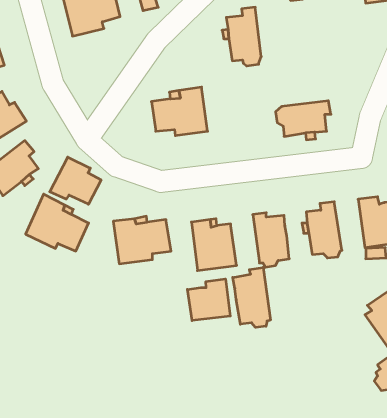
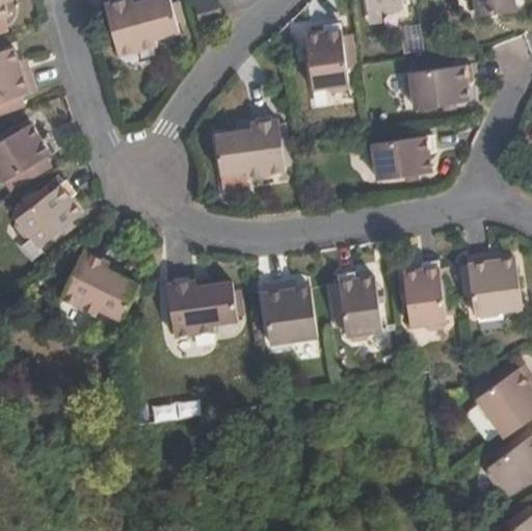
building: none -> [402,64,471,107]
building: [50,157,101,204] -> none
building: [233,267,270,327] -> none
building: [187,279,230,321] -> none

